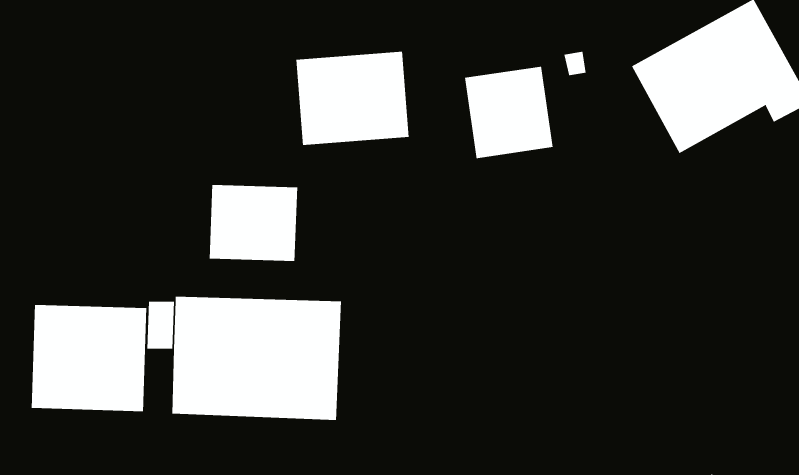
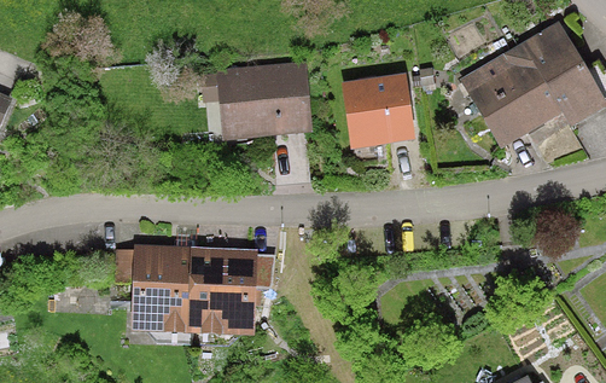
building: [209,184,298,262] -> none
building: [31,304,147,412] -> none

